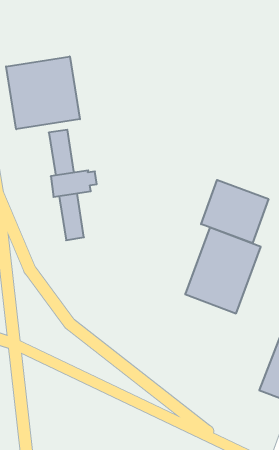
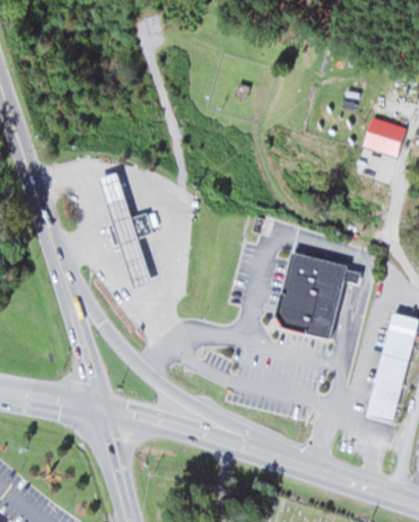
building: [6,56,80,129] -> none
building: [201,180,268,243] -> none

